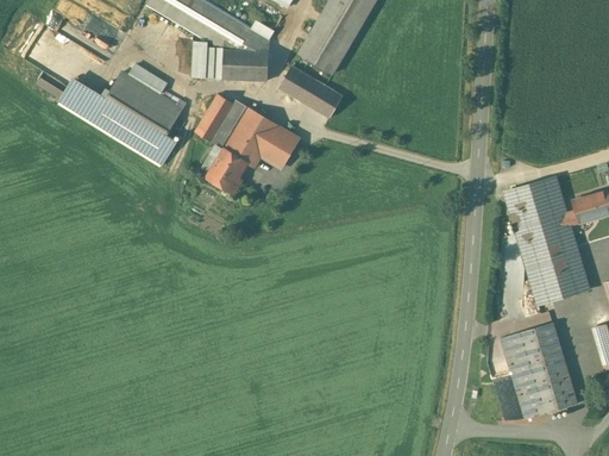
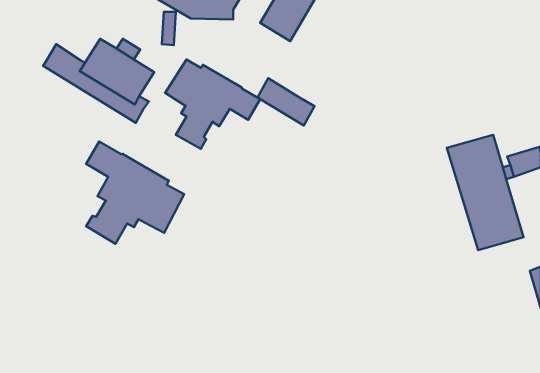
building: [222,49,269,80] -> none
building: [278,65,341,118] -> [257,78,315,126]
building: none -> [86,142,184,244]
building: [500,323,577,419] -> none

